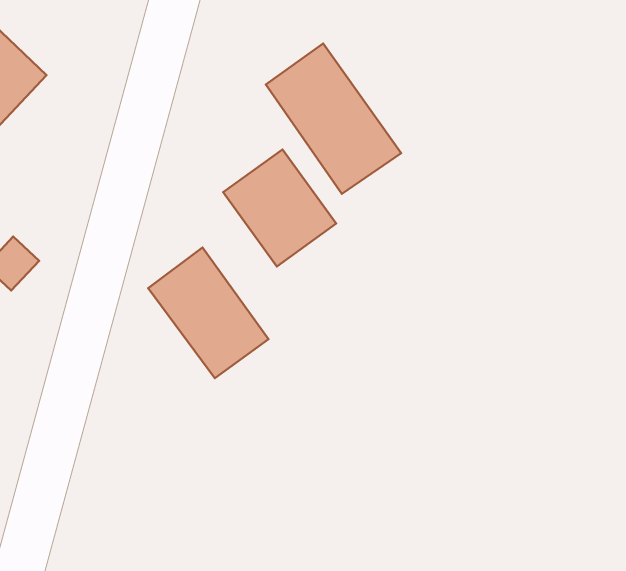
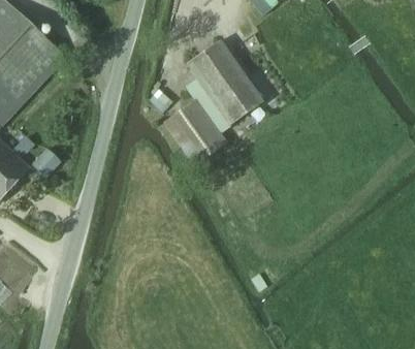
building: [148,248,269,378] -> none

